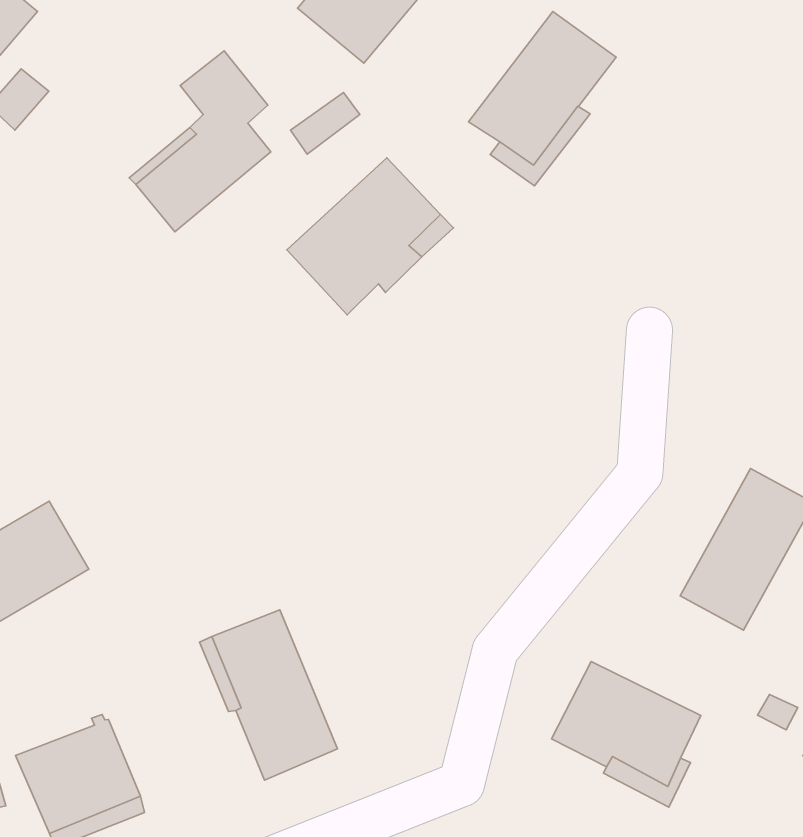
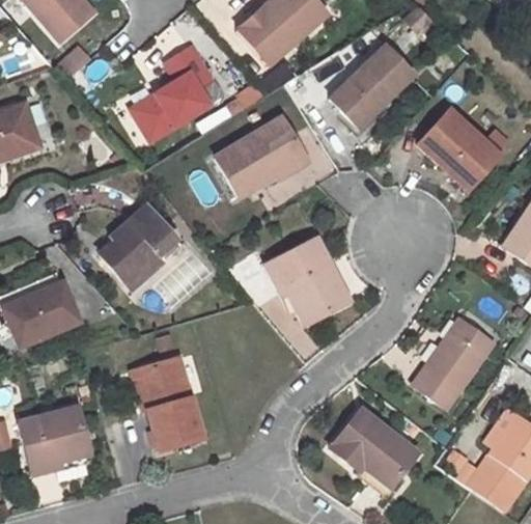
building: none -> [412,114,493,185]
building: none -> [101,202,181,284]
building: none -> [273,240,360,324]

